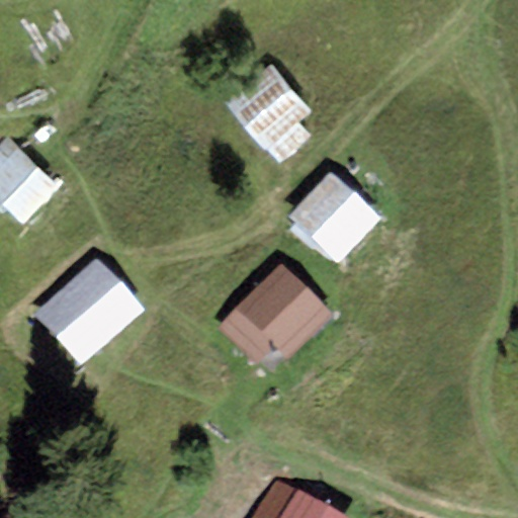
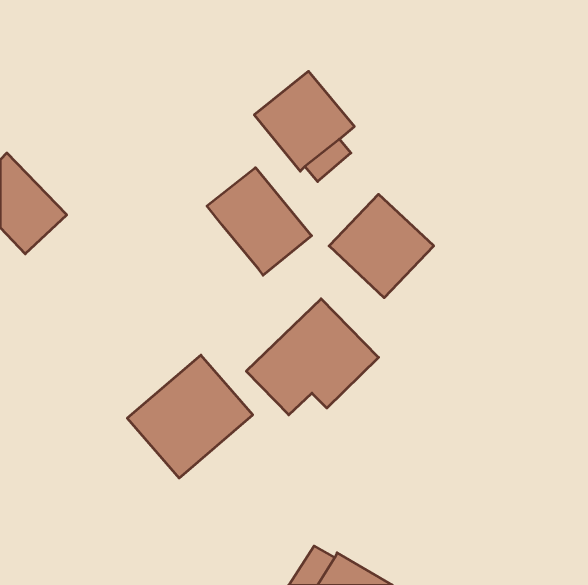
building: none -> [207,168,312,275]
building: [32,257,143,365] -> [127,355,253,478]

